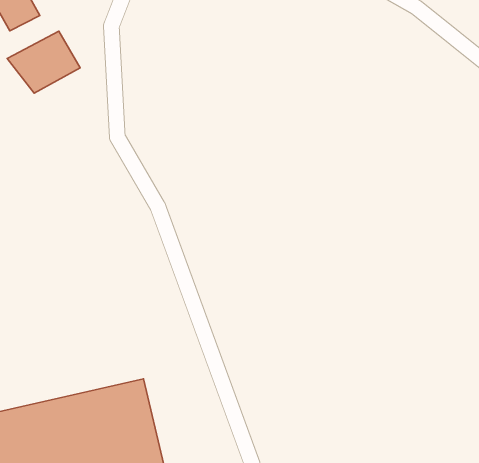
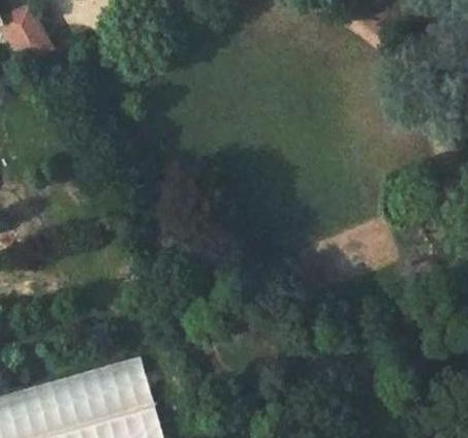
building: [7,31,80,93] -> none

